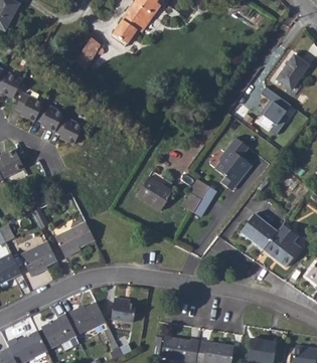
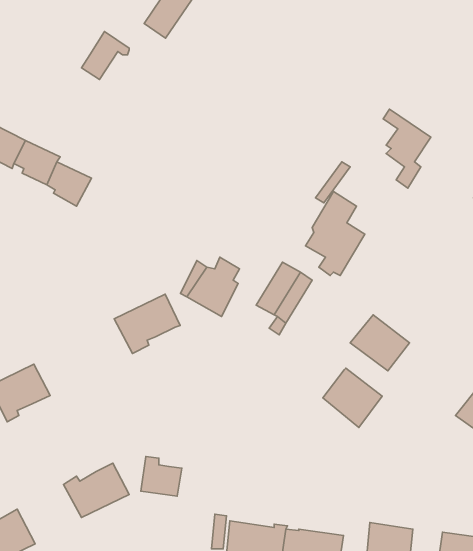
building: [278,54,309,89] -> none
building: [54,222,95,258] -> [114,294,180,353]
building: [264,228,300,264] -> [323,368,382,427]
building: [41,315,76,348] -> none

